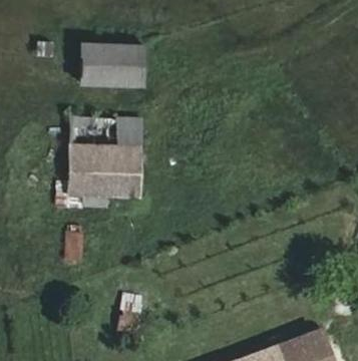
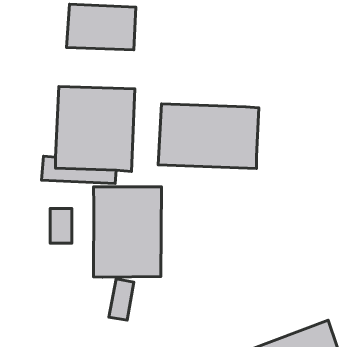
building: none -> [158,104,259,169]
building: none -> [93,187,161,277]

